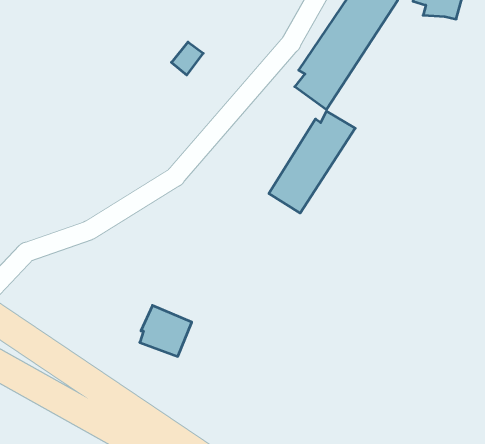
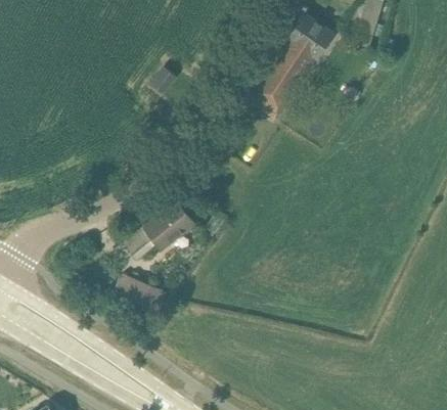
building: [269,111,355,213] -> none
building: none -> [144,199,194,249]

